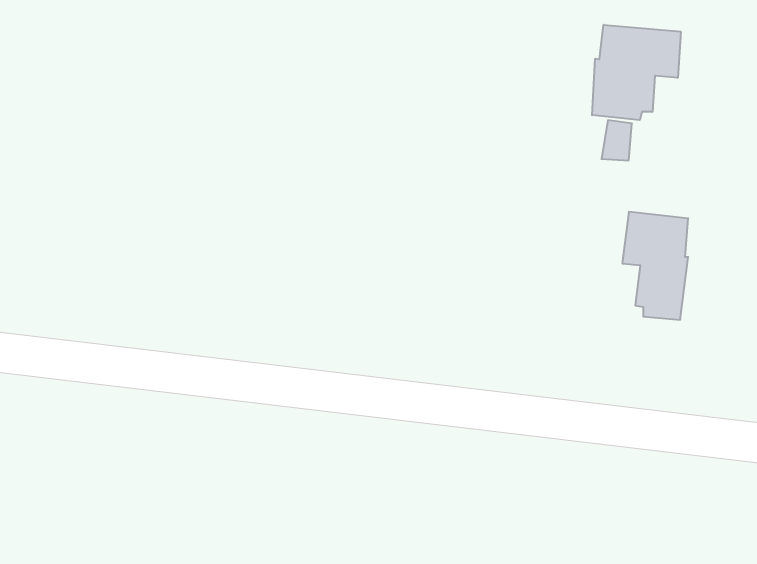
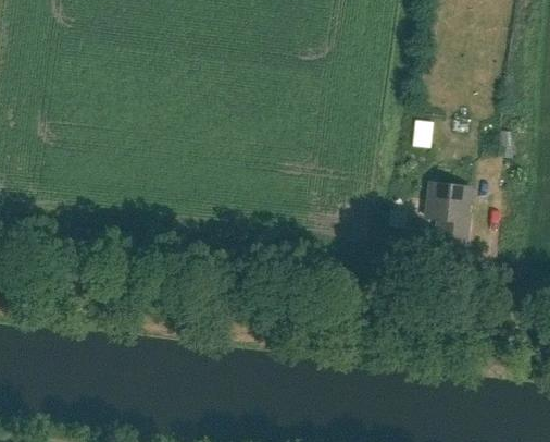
building: [592,25,681,120] -> none

